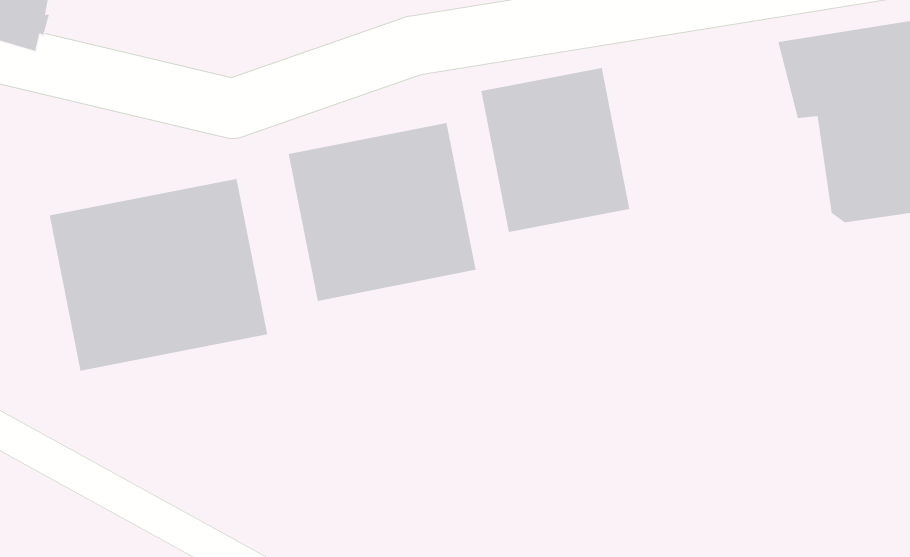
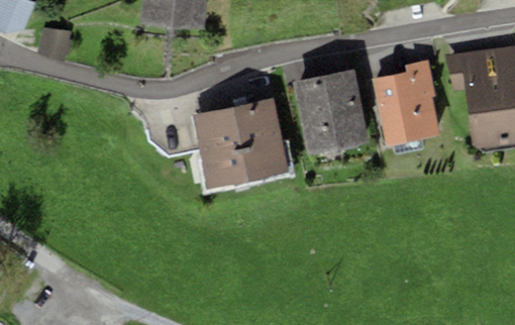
building: none -> [375,59,439,144]
building: [49,178,268,371] -> none

